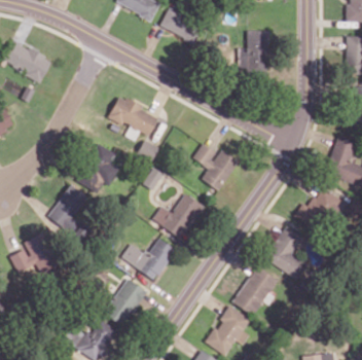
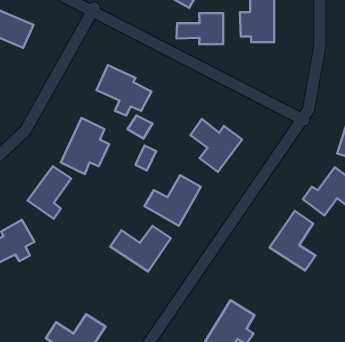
building: none -> [177,13,223,44]
building: [233,265,278,316] -> none
building: [104,278,147,326] -> none

